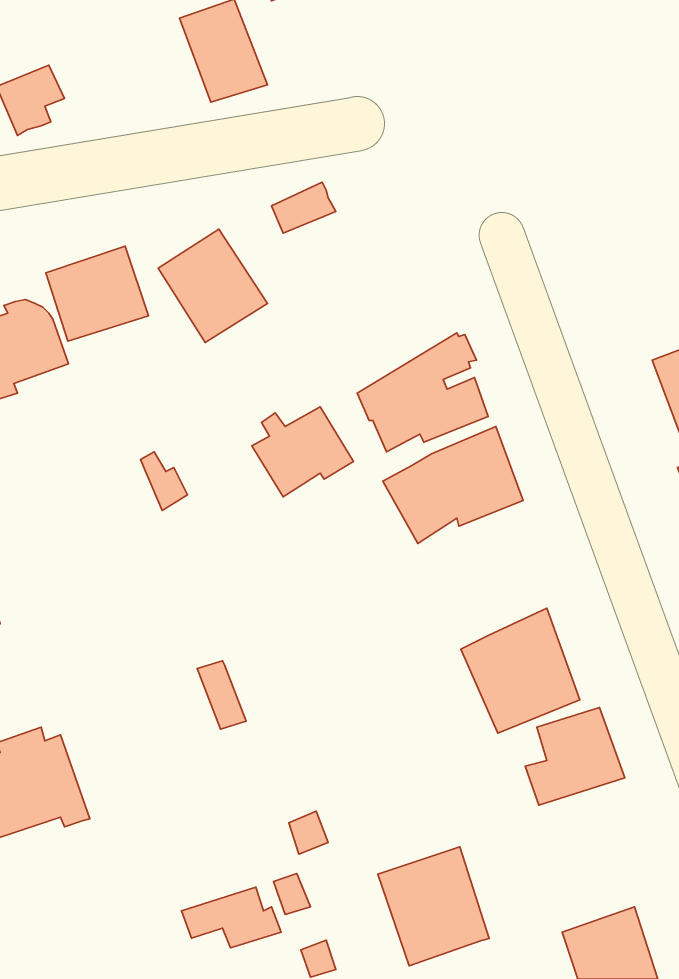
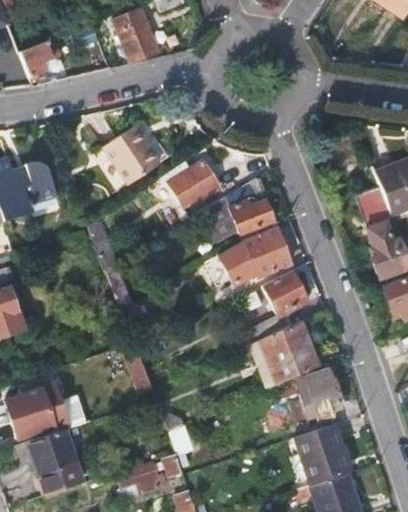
building: [46,246,149,341] -> none
building: [252,407,353,497] -> [167,162,219,208]
building: none -> [262,270,310,334]
building: none -> [26,429,82,495]
building: [378,847,489,966] -> [294,425,351,486]

